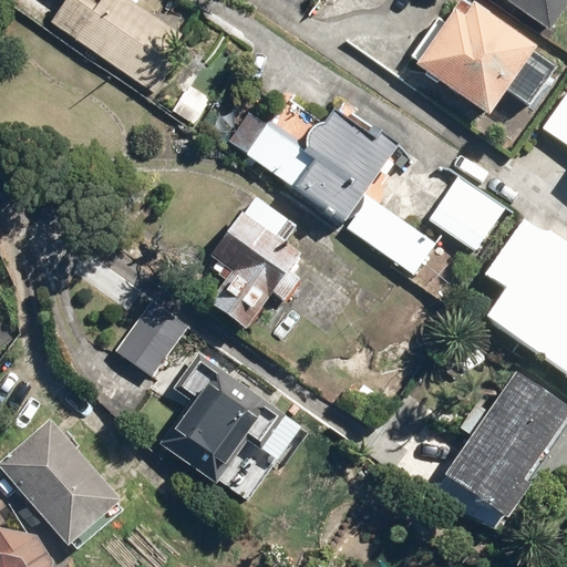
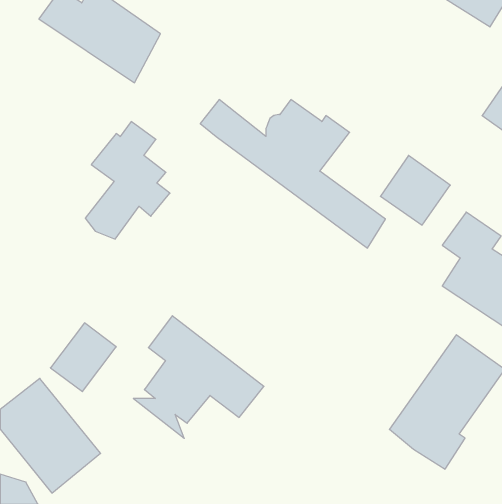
building: [411,6,533,118] -> none
building: [208,198,302,329] -> [85,122,170,239]
building: [118,299,192,375] -> [50,323,116,392]

